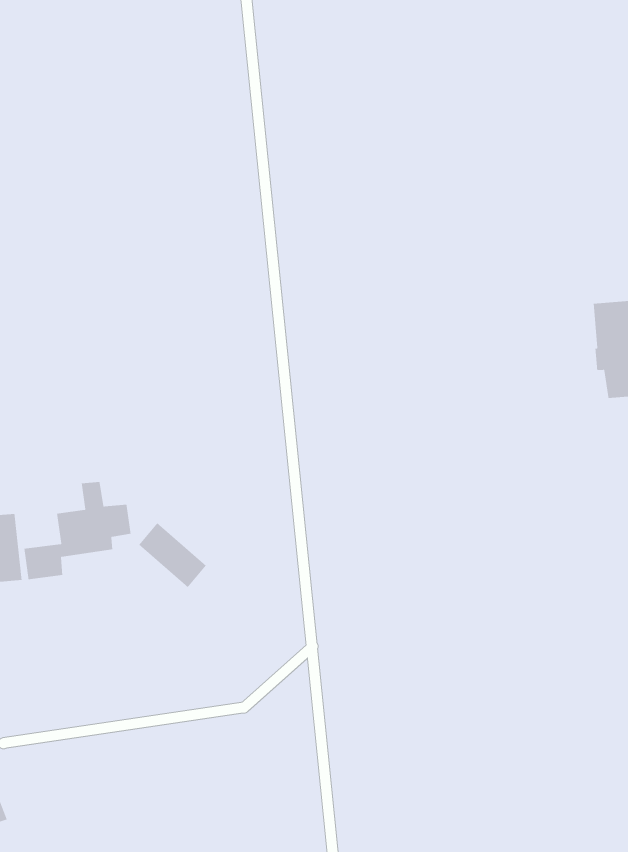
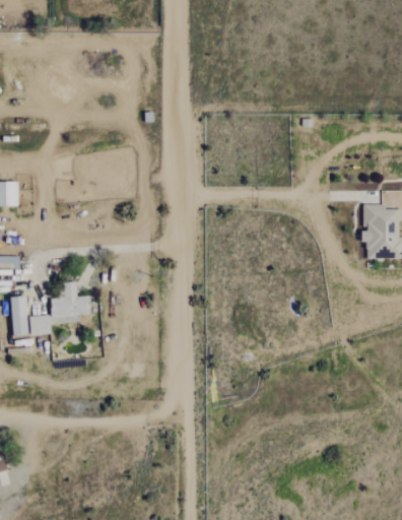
building: [138,522,207,588] -> none

